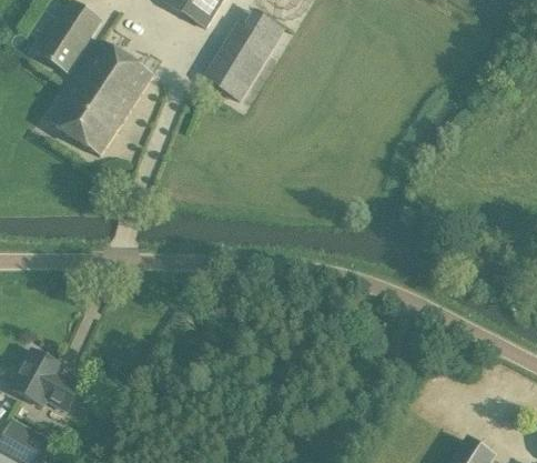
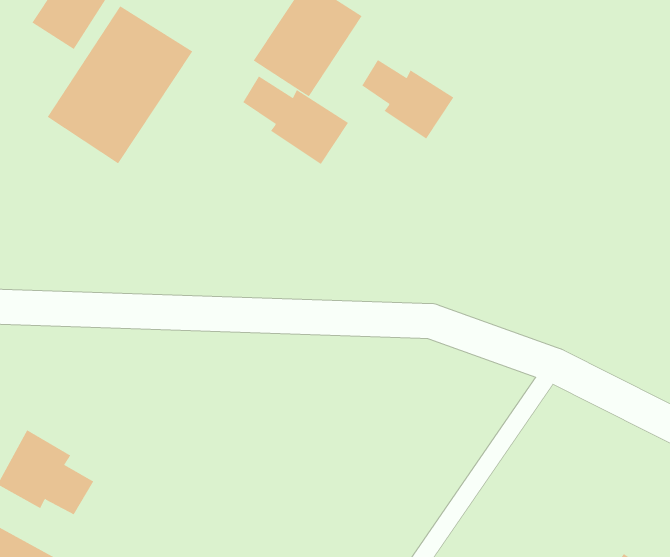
building: none -> [361,59,454,140]
building: none -> [243,75,349,165]

